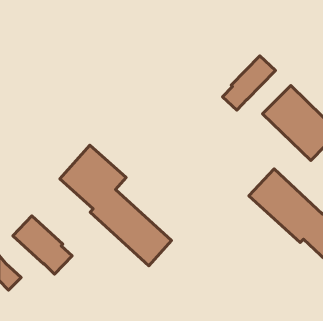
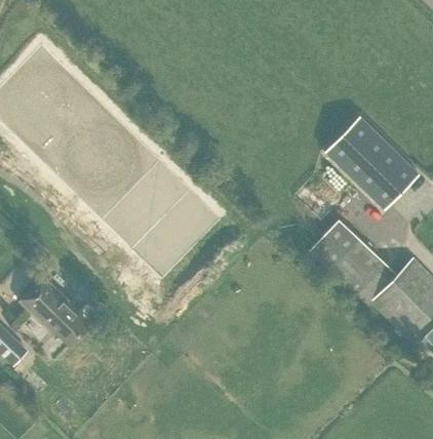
building: [223,56,276,110] -> none
building: [60,145,172,266] -> none

